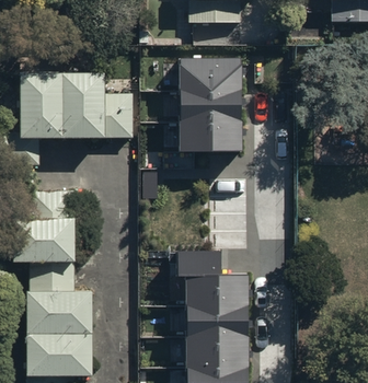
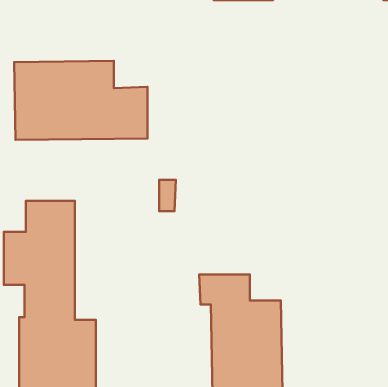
building: [180,59,242,150] -> none

